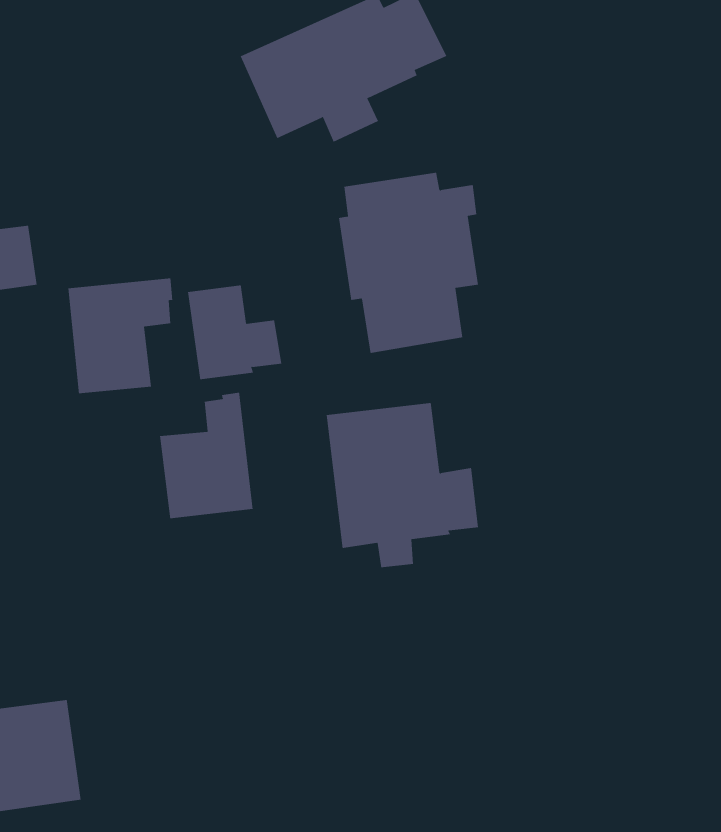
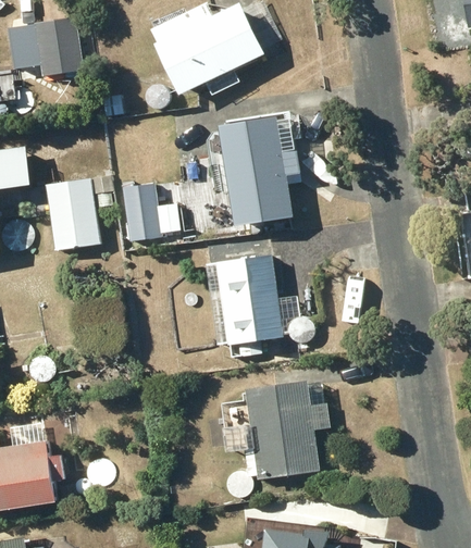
building: none -> [35,18,80,76]
building: [160,392,253,519] -> none
building: none -> [245,382,327,478]

